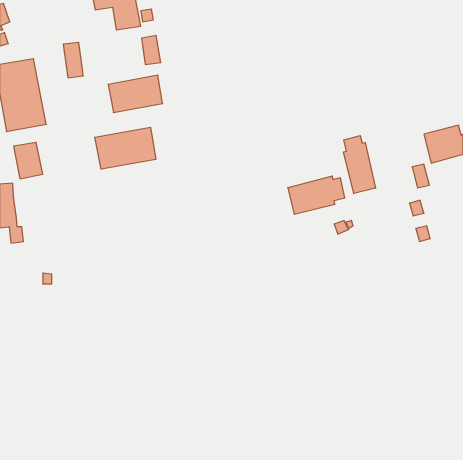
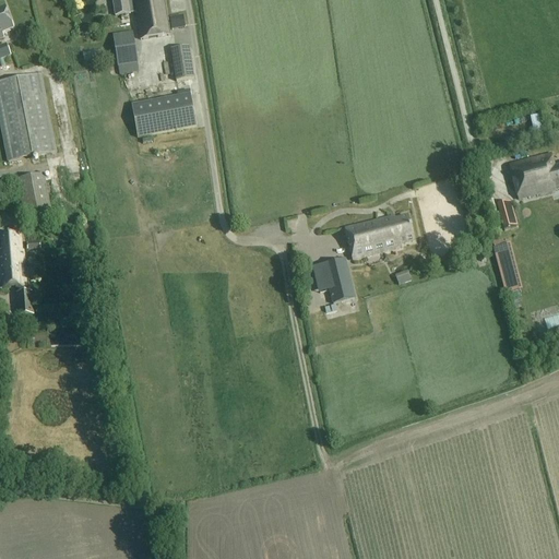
building: [63,42,83,78] -> [114,28,138,71]
building: [95,127,156,169] -> none
building: [344,136,376,194] -> none
building: none -> [321,254,354,300]

